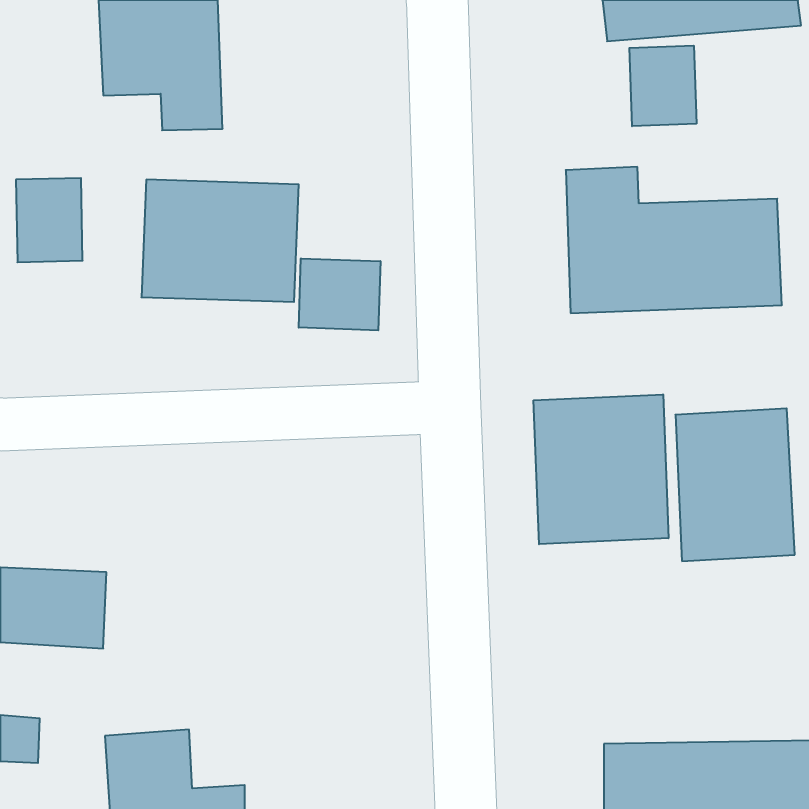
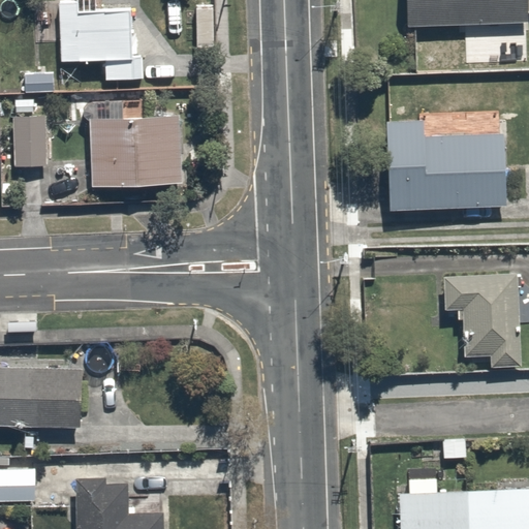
building: [629,46,696,126] -> none
building: [299,258,380,330] -> none
building: [534,394,668,544] -> none

